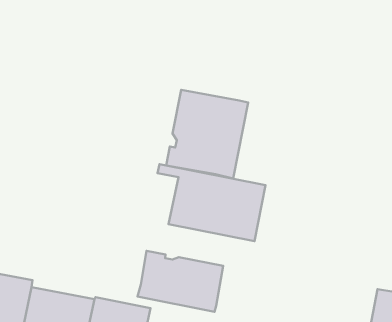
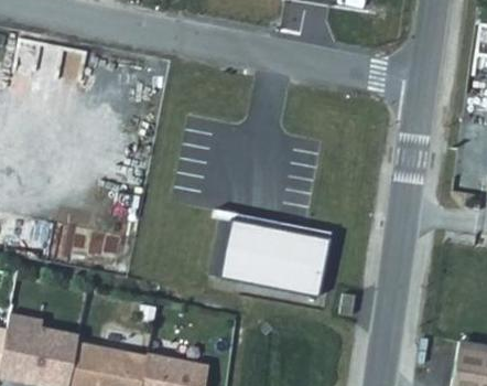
building: [166,90,248,179] -> none
building: [138,251,223,312] -> none

